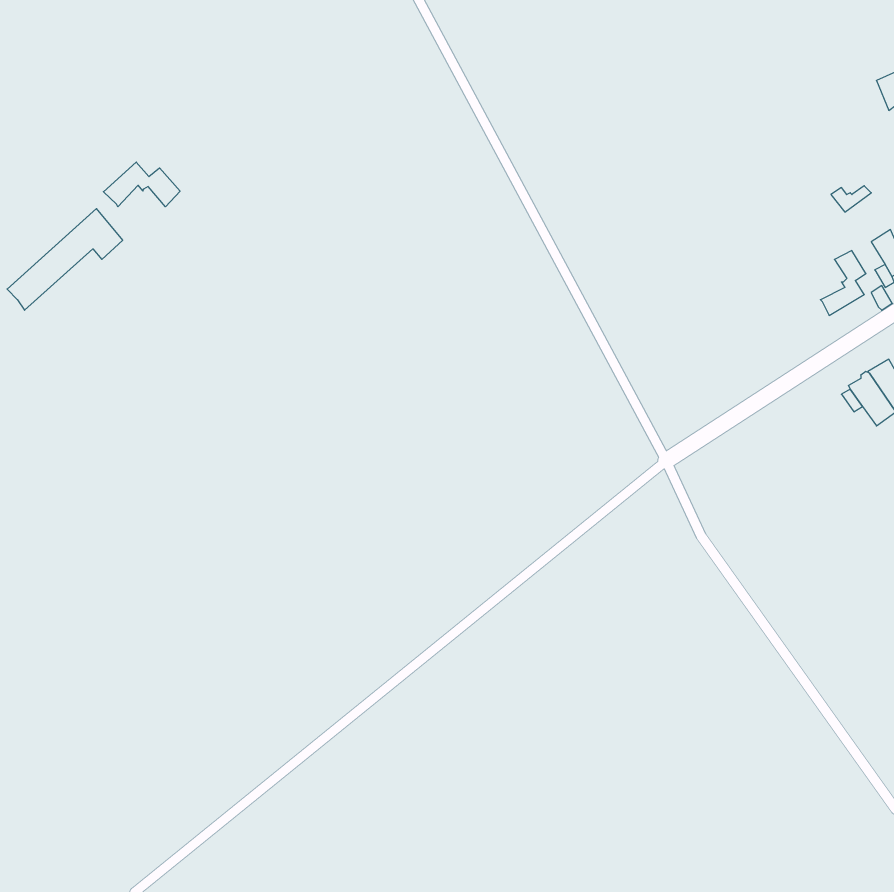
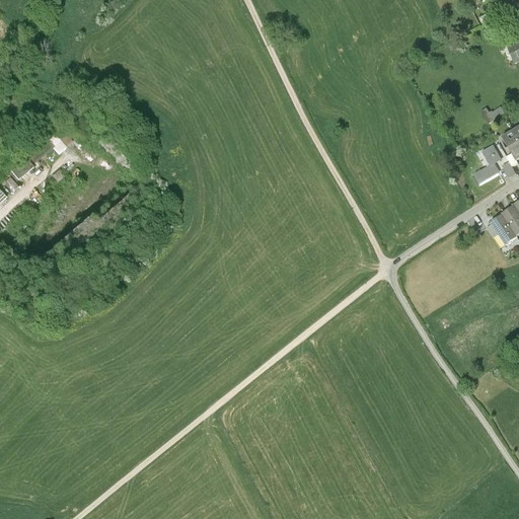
building: [103,162,180,207] -> none

